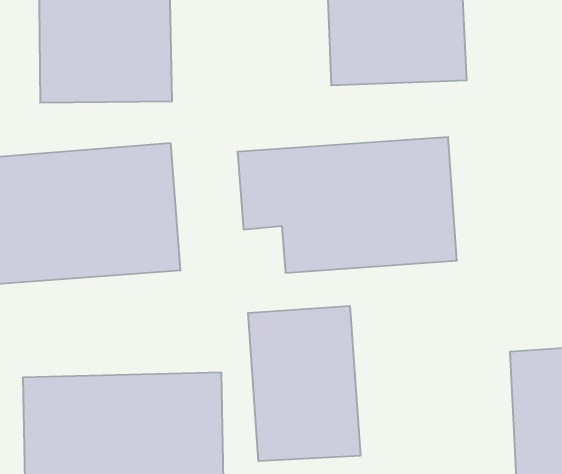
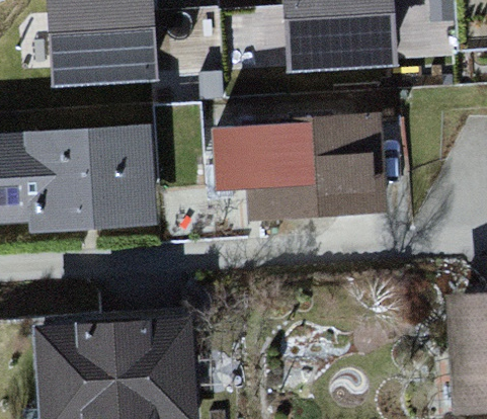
building: [248,306,360,461] -> none

